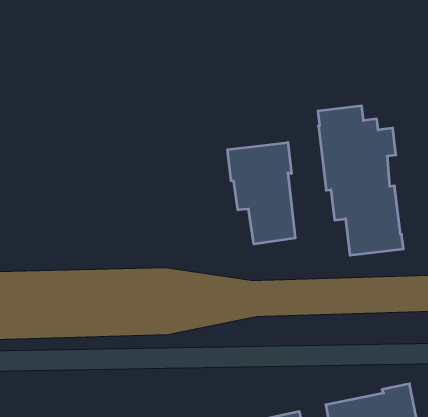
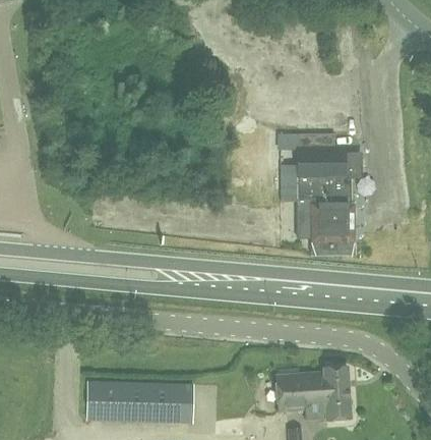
building: [228,142,295,244] -> none

